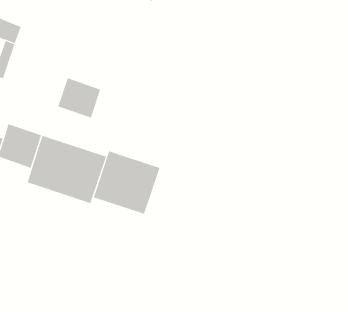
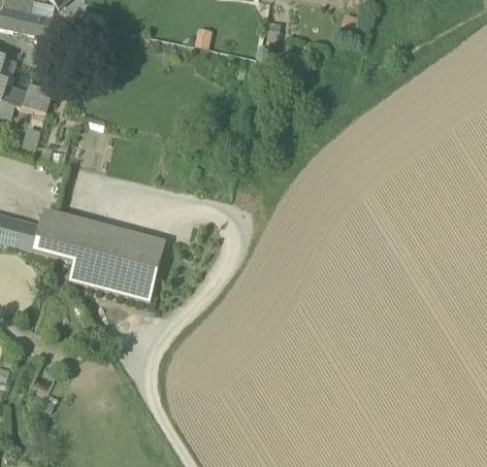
building: [58,78,101,119] -> none
building: [93,150,160,214] -> none

